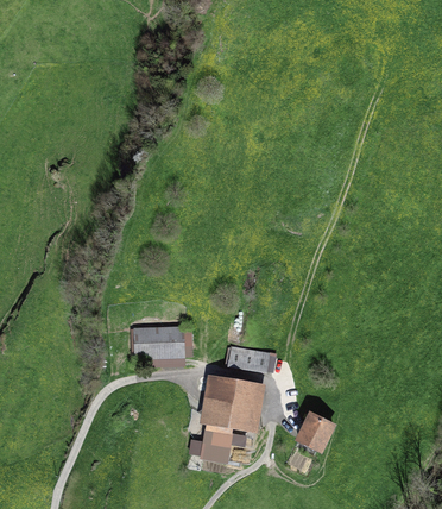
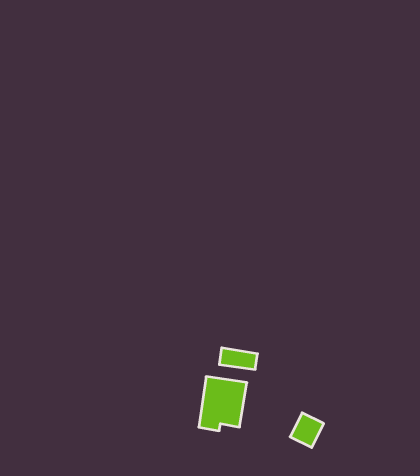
building: [134,326,184,358] -> none
building: [203,428,229,459] -> none

